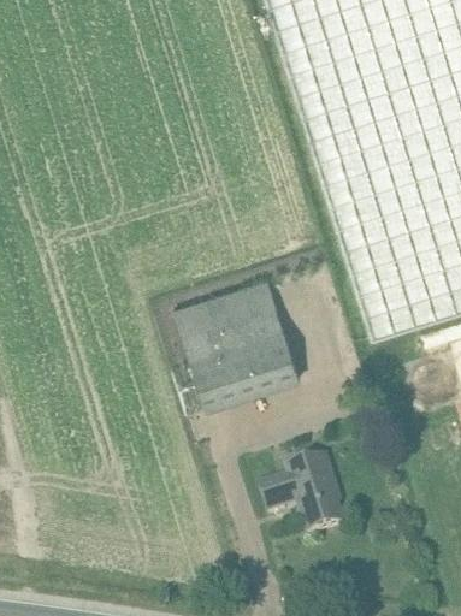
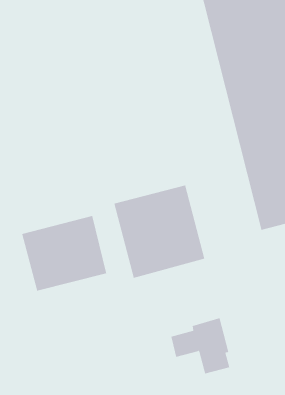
building: none -> [22,215,107,292]

